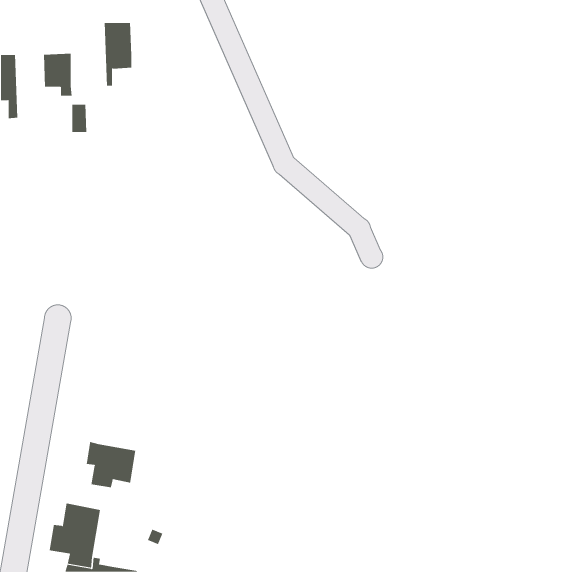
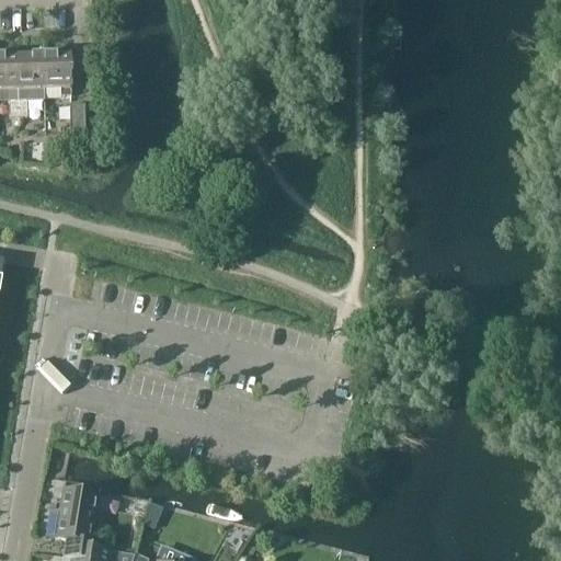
building: [104,23,132,86] -> [15,53,43,114]
building: [86,441,136,488] -> none

